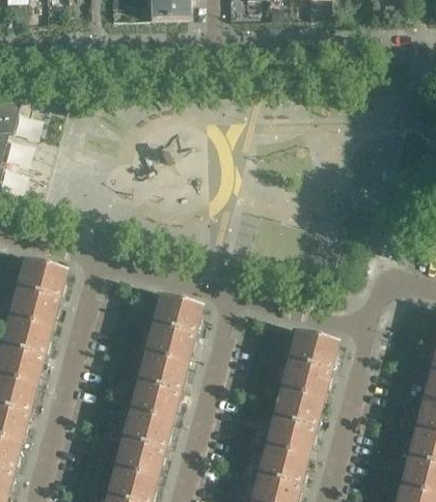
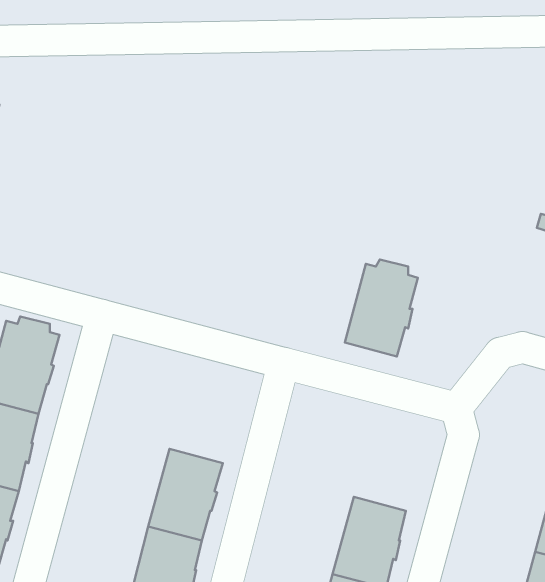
building: [145,294,200,366] -> none
building: [281,330,335,401] -> [345,260,418,357]

